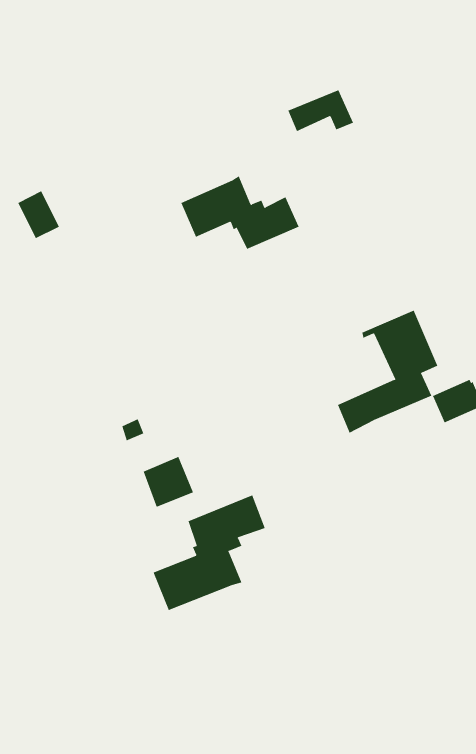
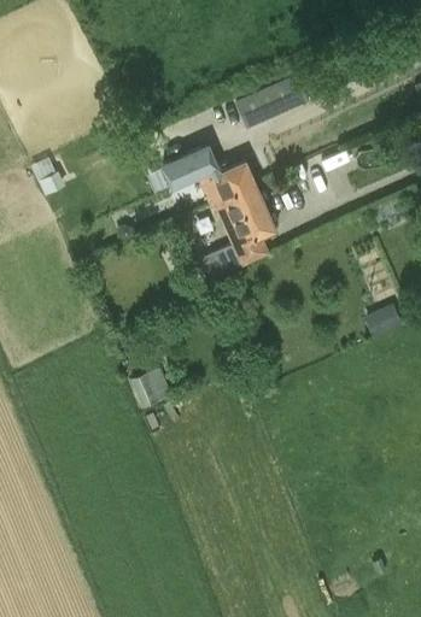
building: [337,310,438,434] -> [194,186,275,284]
building: [153,495,266,611] -> none

